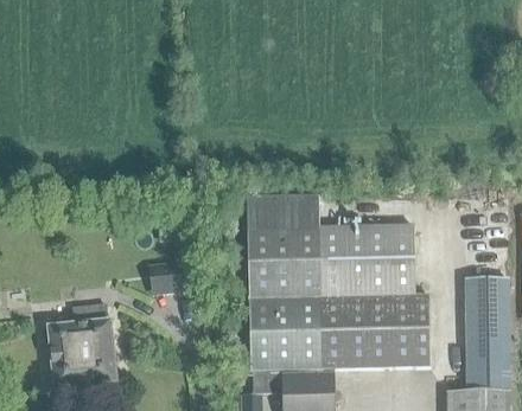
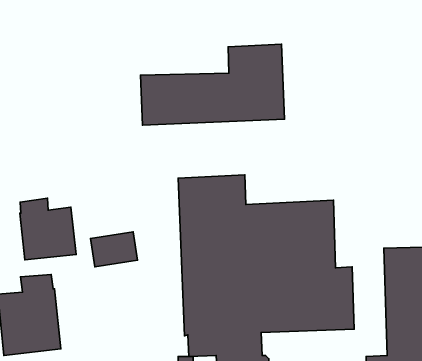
building: none -> [141,44,284,125]
building: none -> [20,198,76,260]

